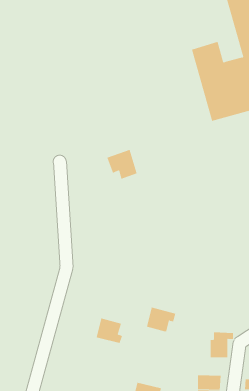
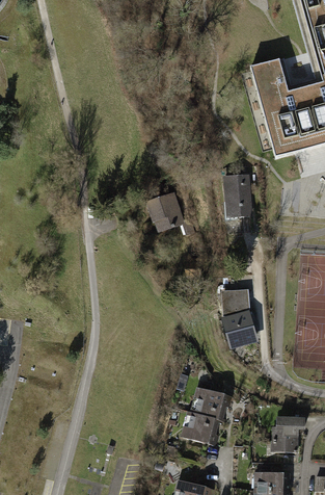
building: none -> [225,175,250,216]
building: none -> [221,289,258,345]
building: [96,318,123,344] -> [185,411,218,443]

